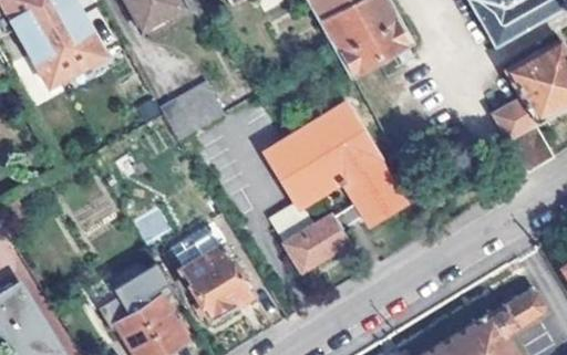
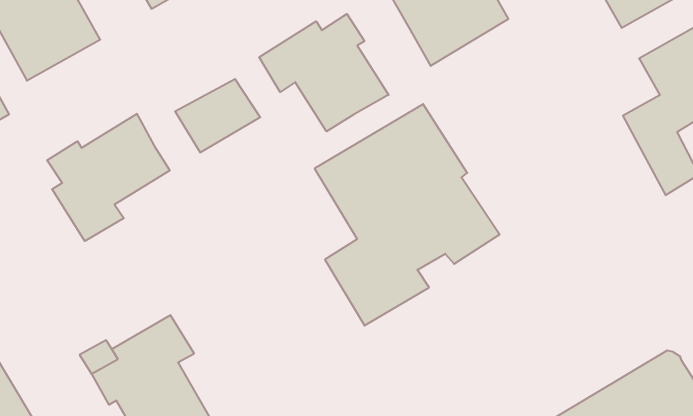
building: none -> [259,14,389,131]
building: none -> [47,114,170,241]
building: [172,231,251,322] -> none

